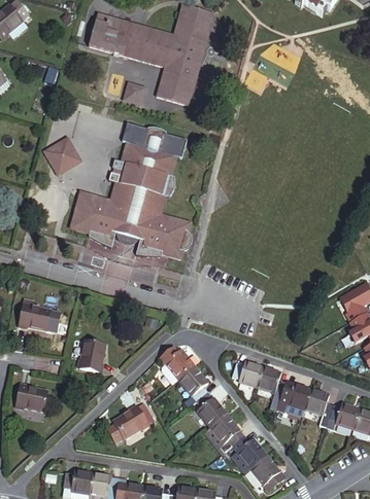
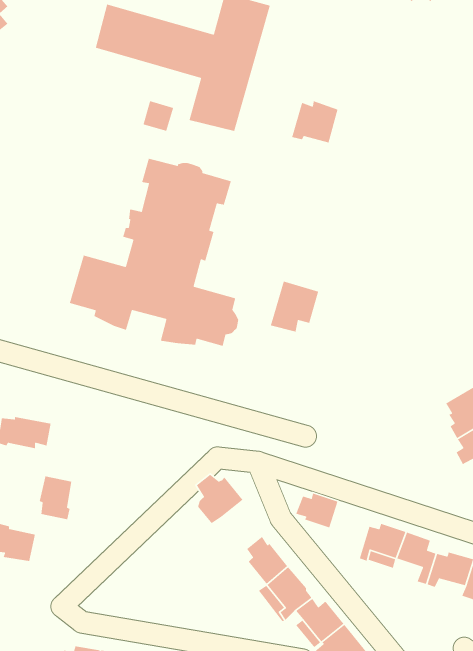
building: none -> [291,100,339,143]
building: [46,138,81,173] -> none
building: none -> [270,281,319,333]
building: [81,340,105,371] -> [39,475,72,520]
building: [180,366,209,407] -> none
building: [258,367,285,408] -> none
building: [108,404,149,441] -> none

